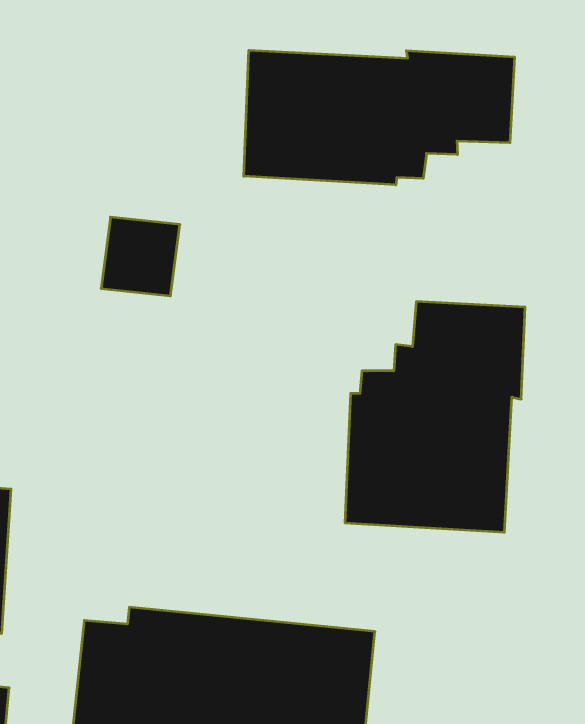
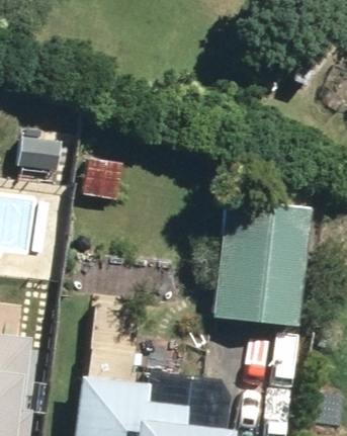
building: [244,50,514,185] -> none

